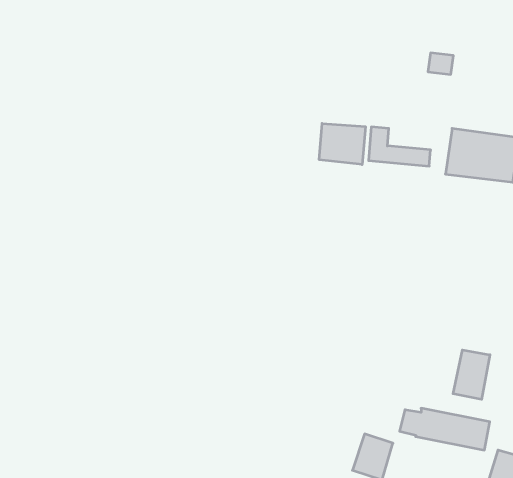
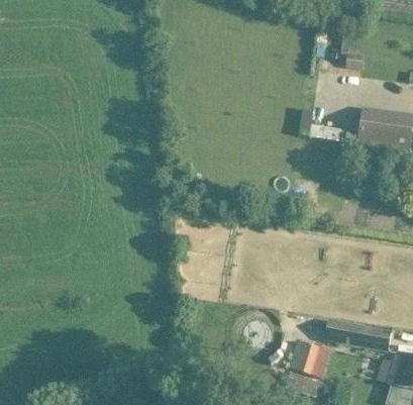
building: [319,123,365,165] -> none
building: [453,350,490,399] -> none

